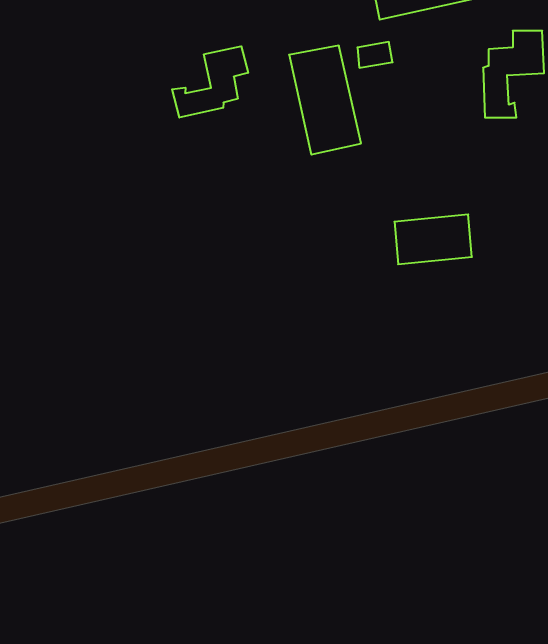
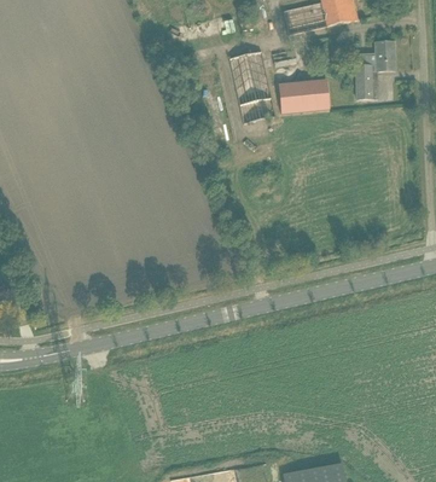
building: [172,46,248,118] -> none
building: [394,214,472,264] -> [279,81,330,114]

